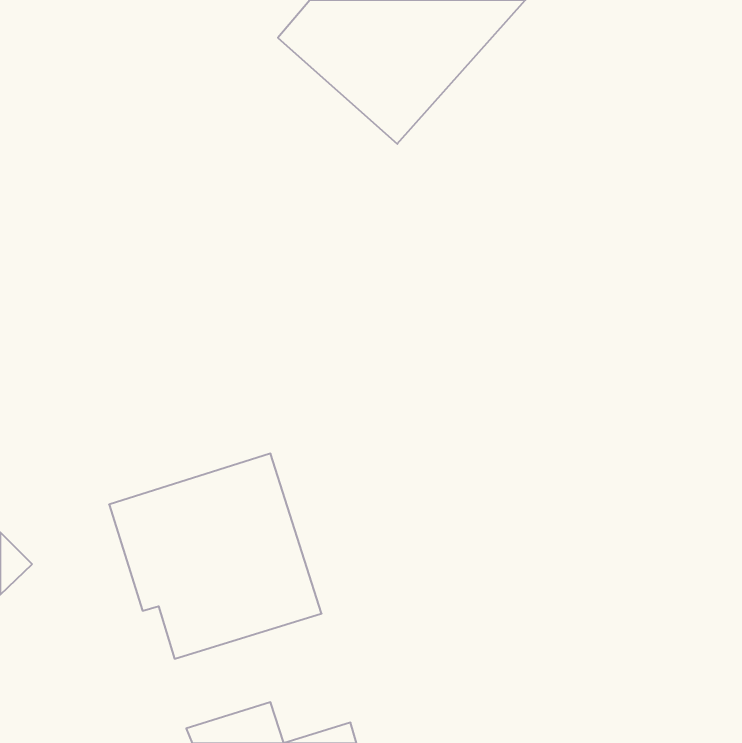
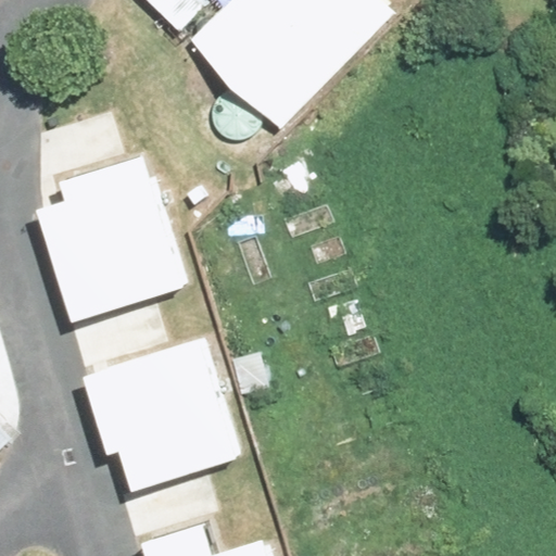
building: none -> [36,156,185,324]

